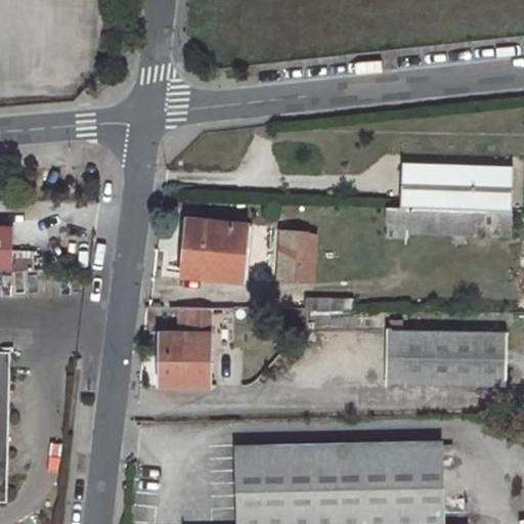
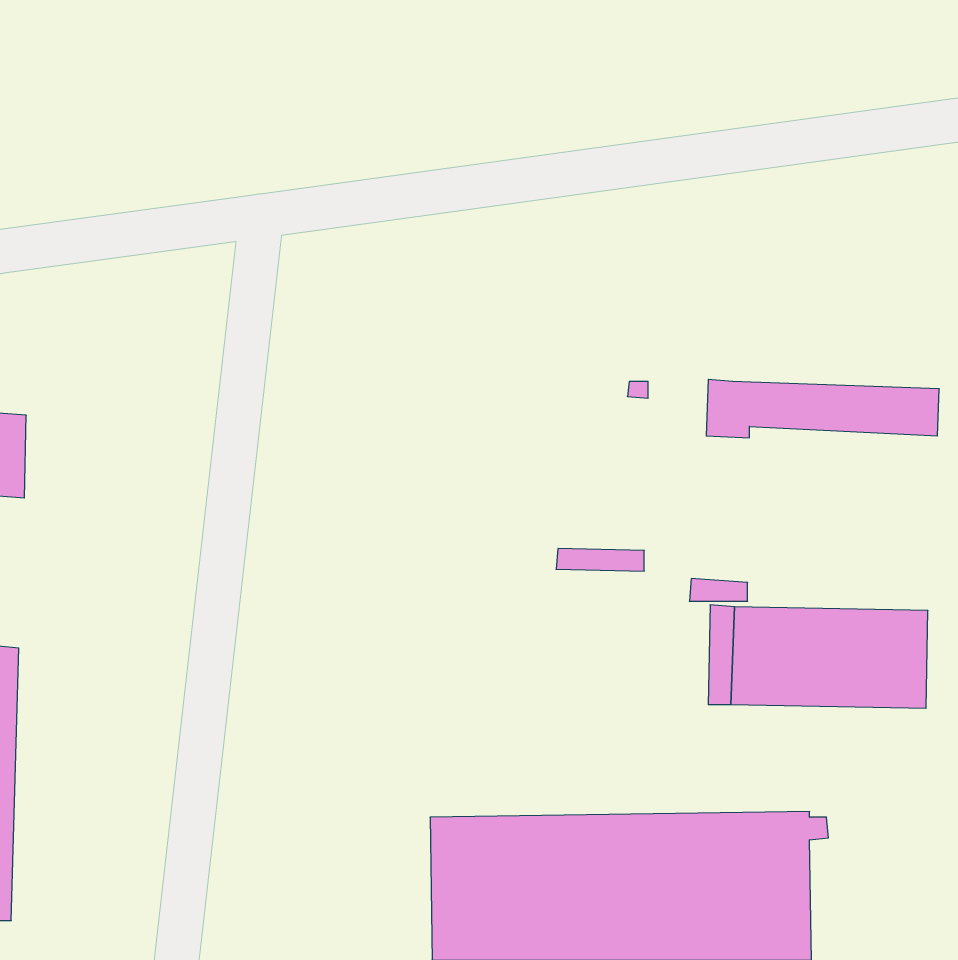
building: [399,166,513,212] -> none
building: [277,207,333,282] -> none
building: [181,221,246,280] -> none
building: [159,309,211,387] -> none

